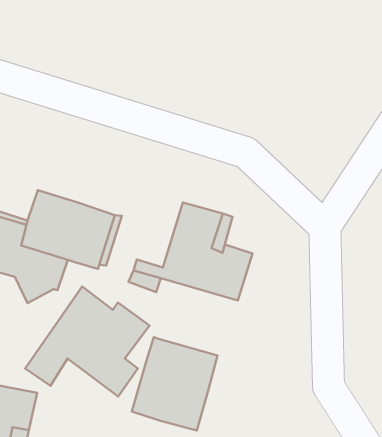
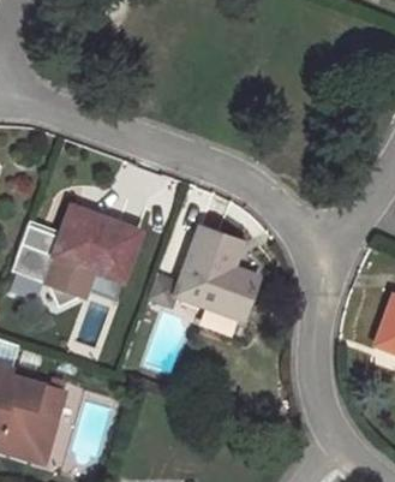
building: [25,286,149,397] -> none
building: [132,337,217,430] -> none

